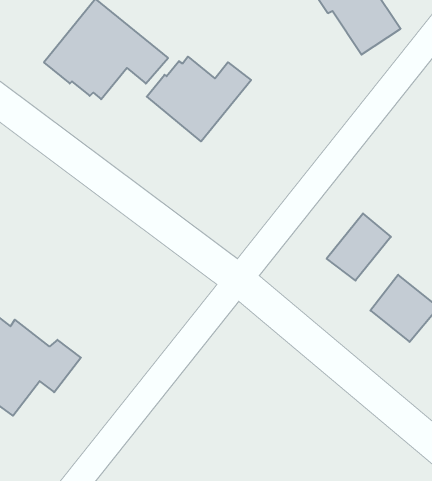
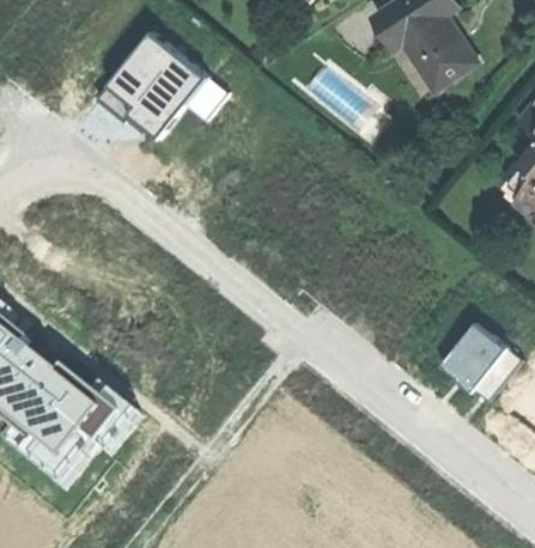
building: [147,57,251,141] -> none
building: [327,213,391,281] -> none

